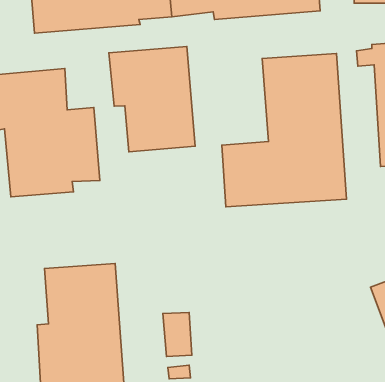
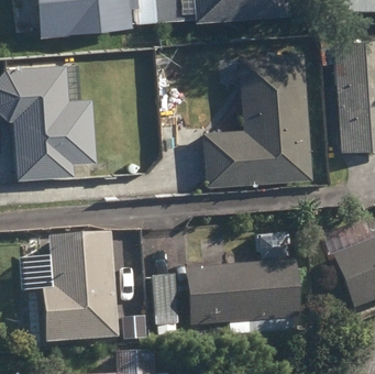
building: [109,46,195,152] -> none
building: none -> [186,262,300,328]

